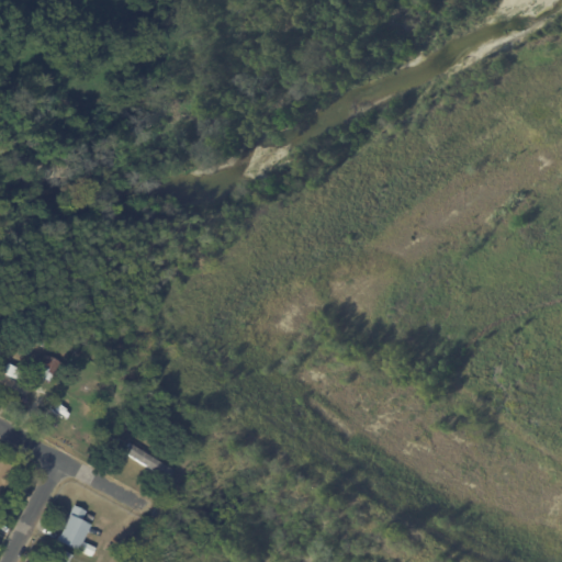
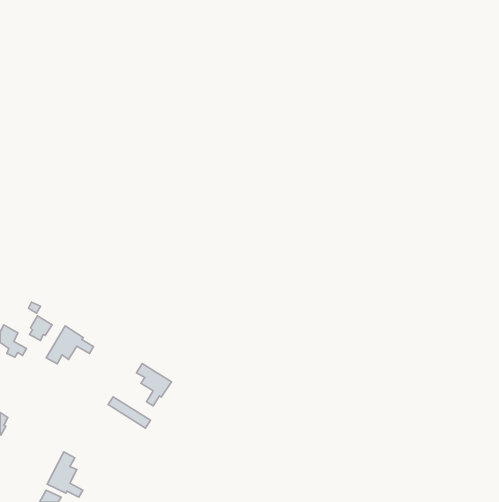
building: none -> [46,326,93,364]
building: none -> [137,363,172,406]

